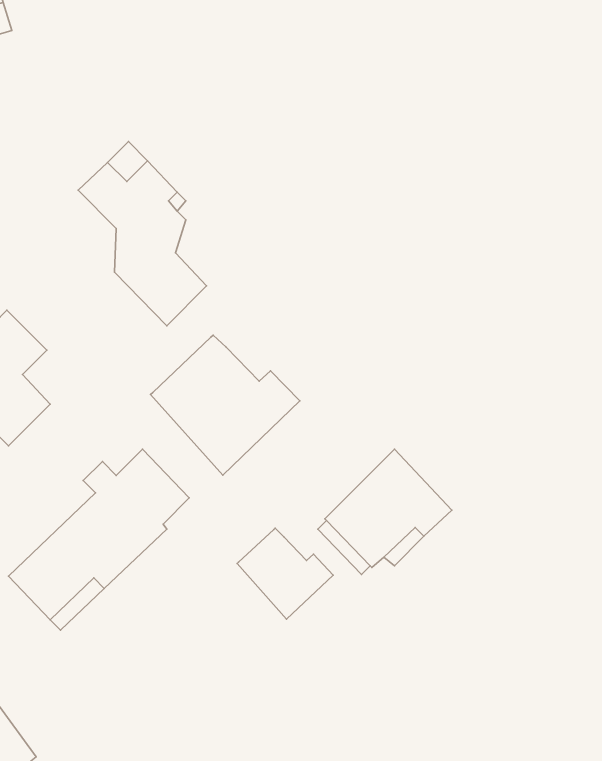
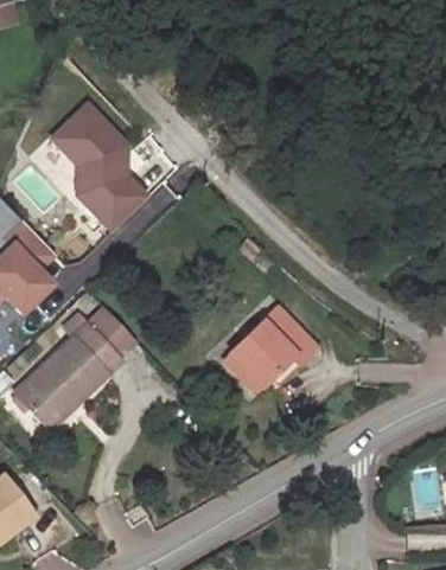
building: [150,335,300,475] -> none
building: [237,528,333,619] -> none

